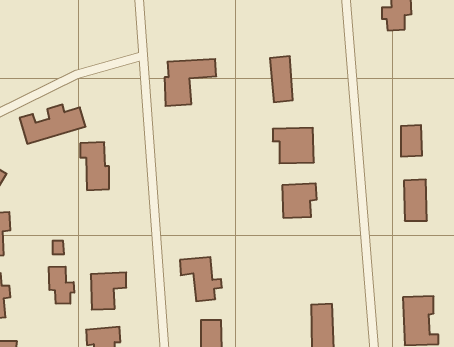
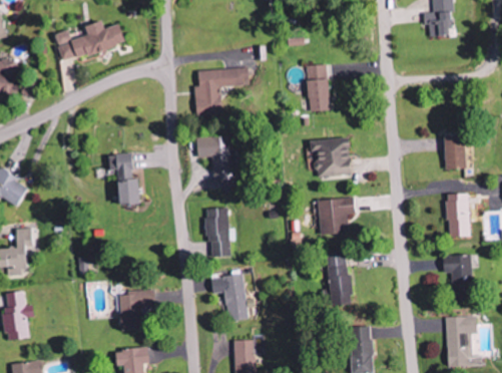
building: [20,105,86,144] -> [55,21,124,62]
building: none -> [196,136,232,180]
building: none -> [205,208,230,258]
building: none -> [441,255,473,285]
building: none -> [326,259,352,305]
building: [49,267,74,304] -> none

